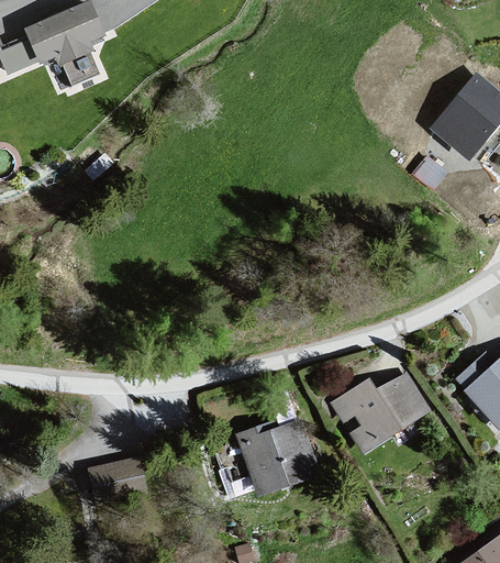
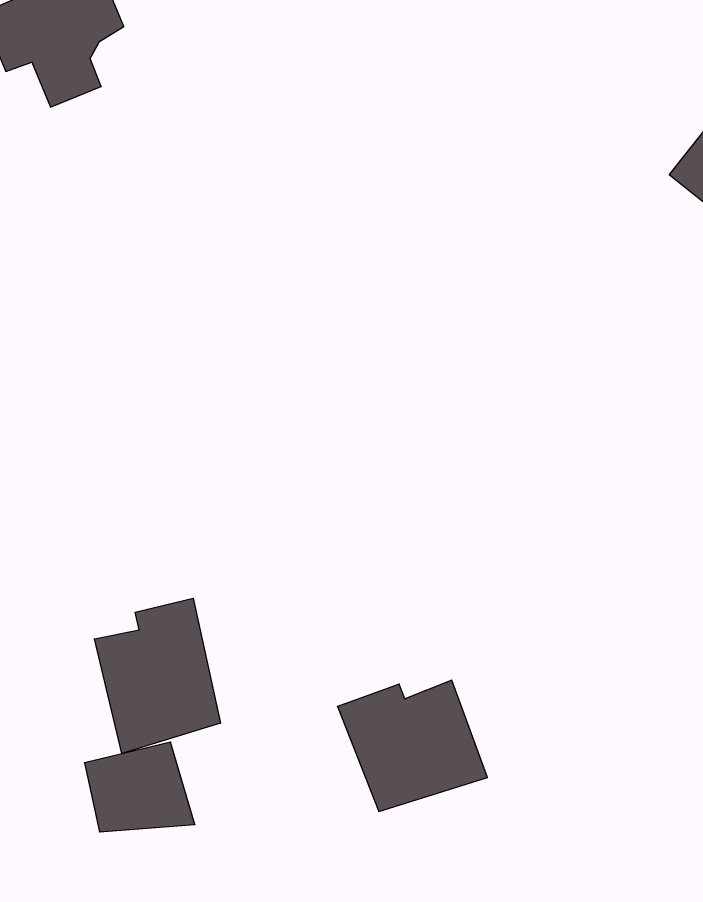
building: none -> [94,598,221,753]
building: [326,374,435,459] -> none

